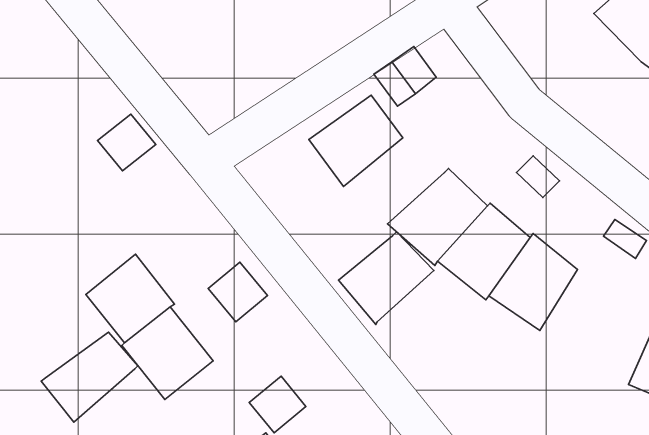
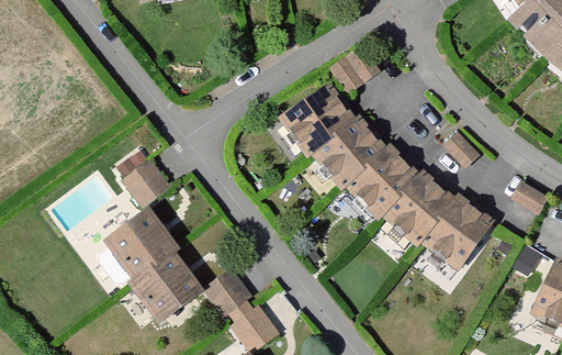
building: [98,114,156,171] -> [123,160,169,206]
building: [338,232,434,324] -> [311,113,386,187]
building: [208,262,268,322] -> [206,270,254,318]
building: [41,332,138,422] -> none

